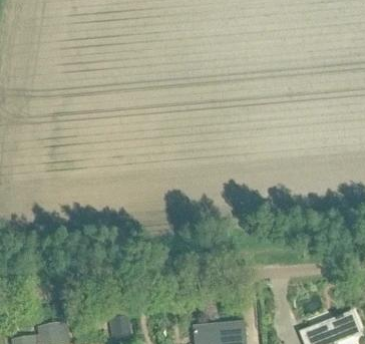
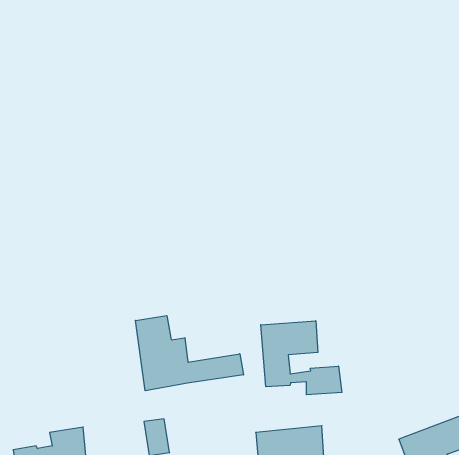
building: none -> [135,316,243,391]
building: none -> [261,321,342,395]

